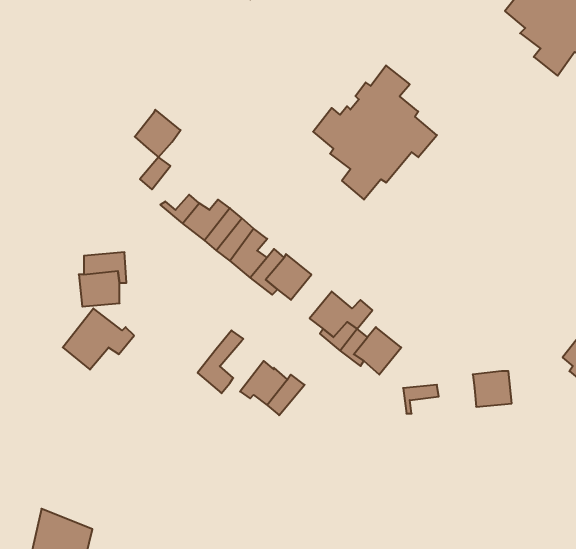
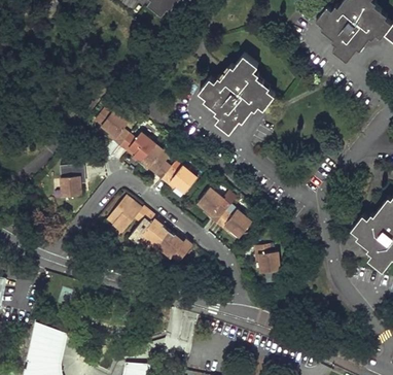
building: [135,110,181,157] -> [102,111,130,140]
building: [63,308,134,370] -> [107,197,150,234]
building: none -> [143,219,170,250]
building: [473,371,512,407] -> [258,253,282,275]

